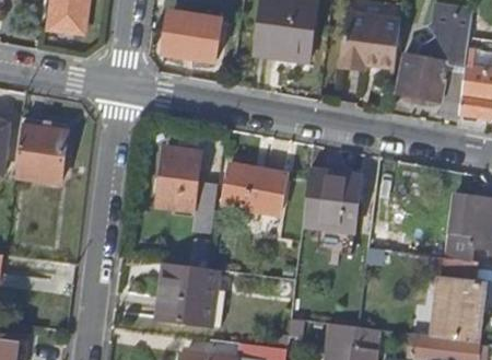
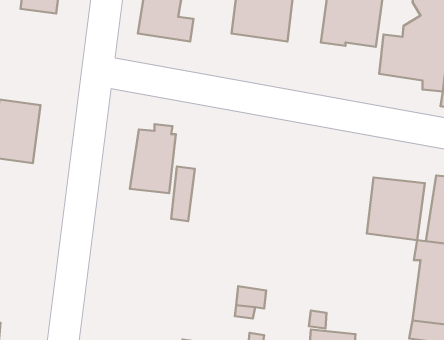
building: [222,165,285,216] -> none
building: [302,170,359,231] -> [367,178,425,240]
building: [154,263,222,326] -> none

